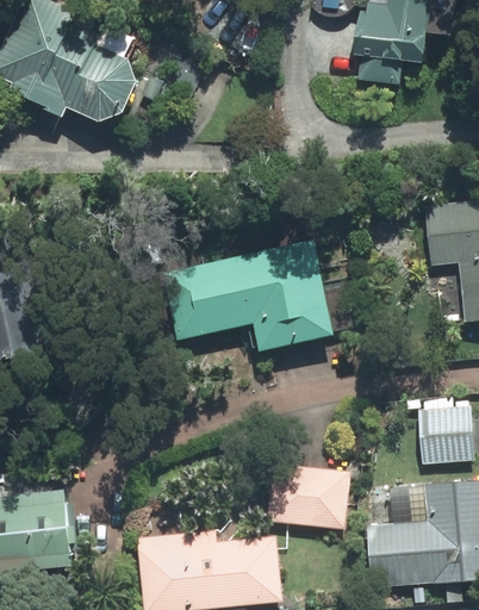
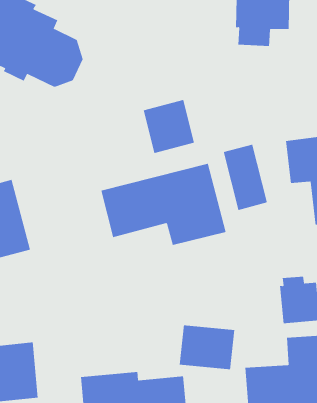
building: none -> [143,99,194,154]
building: none -> [223,144,268,211]

